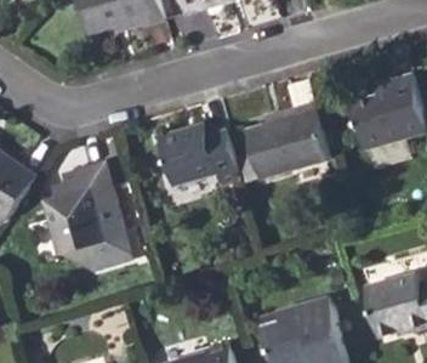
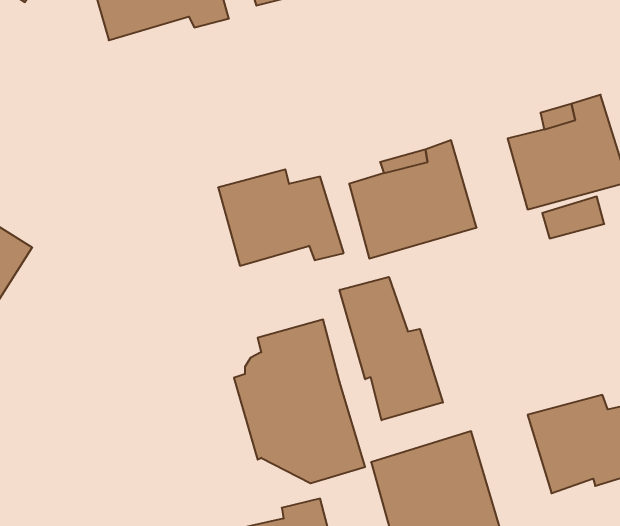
building: [44,161,131,271] -> [234,320,365,483]
building: none -> [340,277,443,420]

